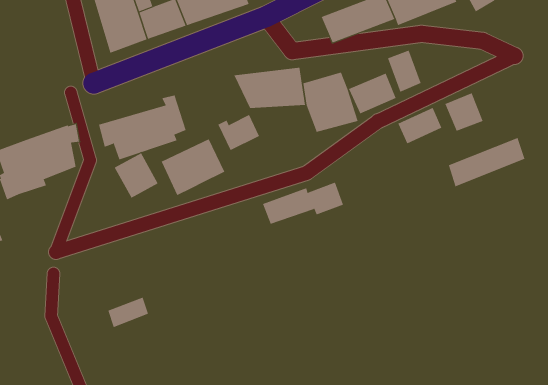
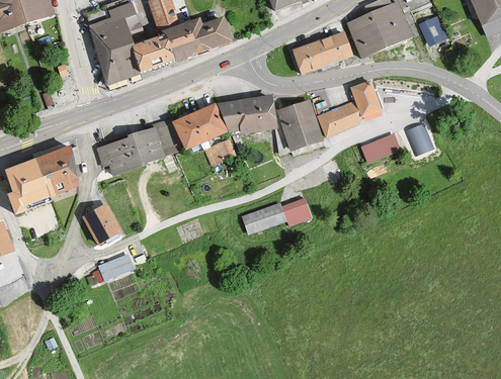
building: [448,137,525,187] -> none
building: [161,139,225,196] -> [173,102,230,153]
building: [114,153,159,199] -> [82,204,121,245]
building: [108,297,149,328] -> [98,253,135,280]

